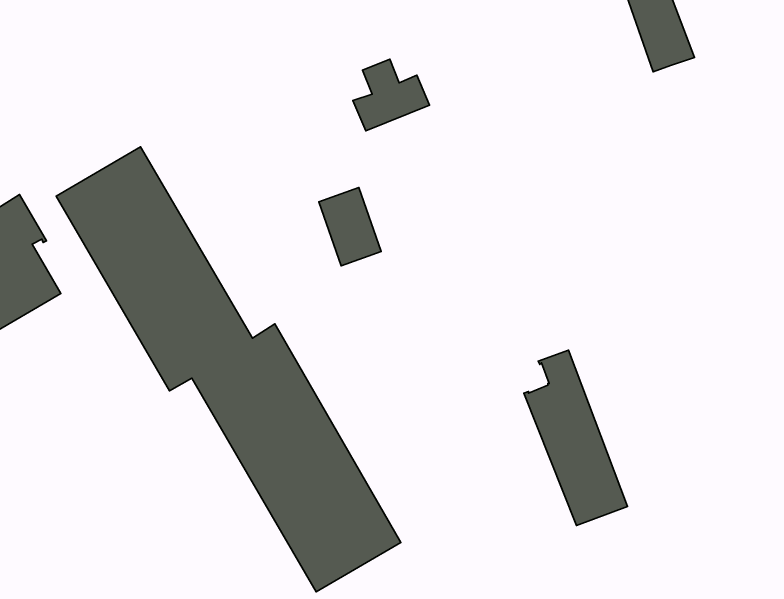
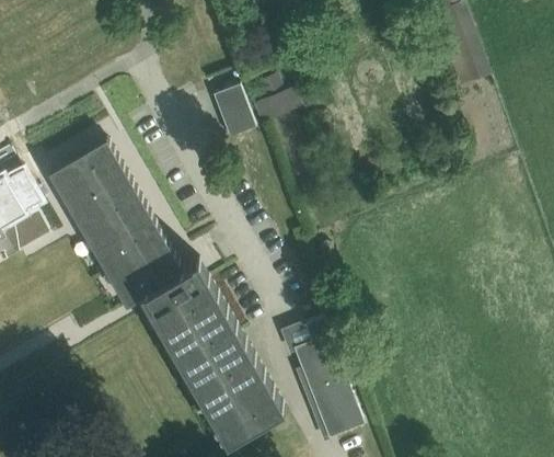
building: [319,188,381,266] -> [210,82,253,136]
building: [524,350,628,526] -> [290,316,361,436]

